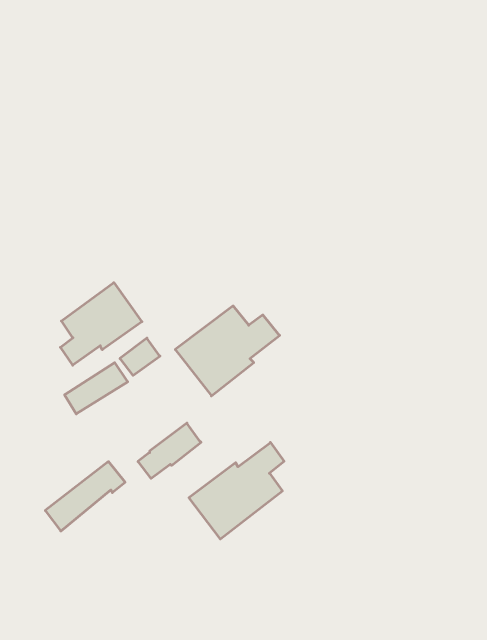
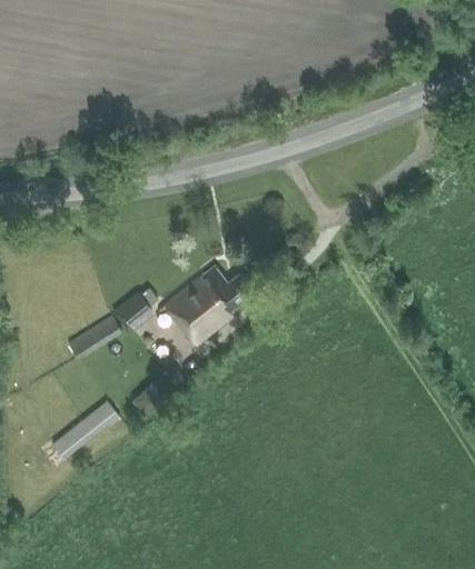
building: [60,283,142,365] -> none
building: [189,442,284,539] -> none

